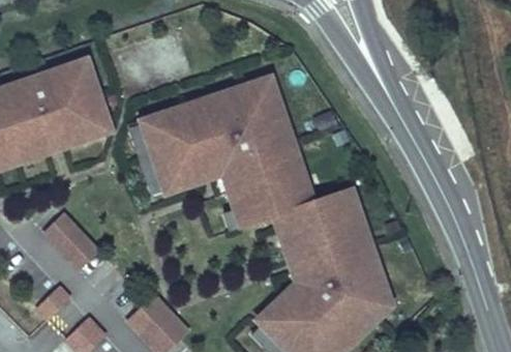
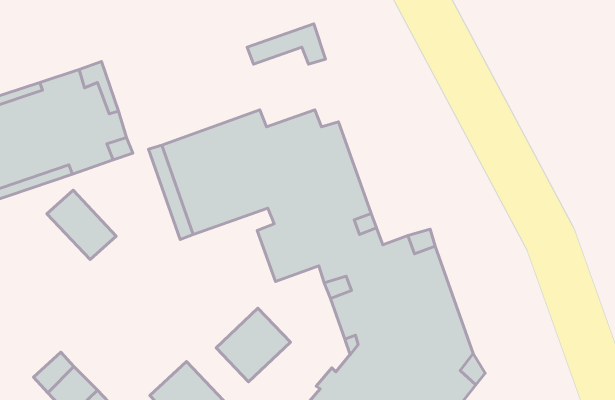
building: [216,77,278,109] -> [247,24,326,64]
building: [47,213,101,268] -> [47,190,116,260]
building: none -> [216,308,291,382]

